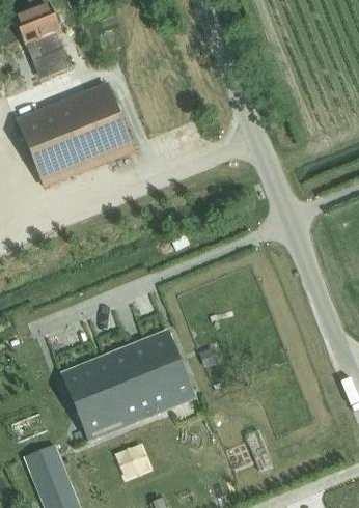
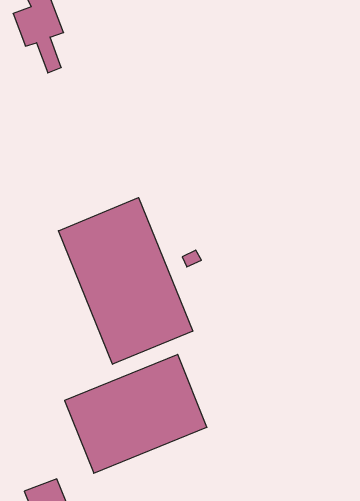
building: [17,83,133,186] -> none
building: none -> [58,198,193,364]

